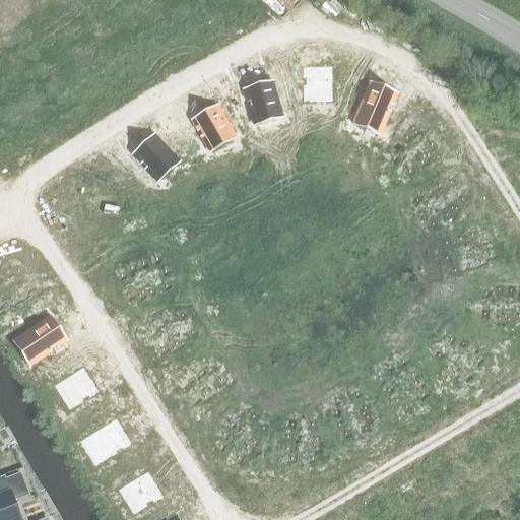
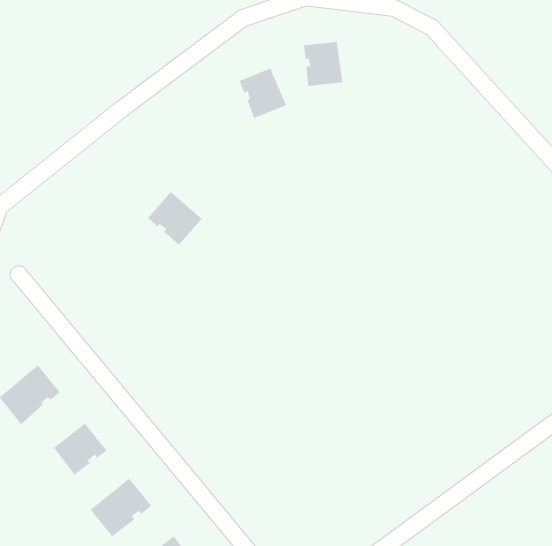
building: [351,79,396,131] -> none
building: [191,103,235,148] -> none
building: [132,131,179,178] -> [147,191,202,245]

